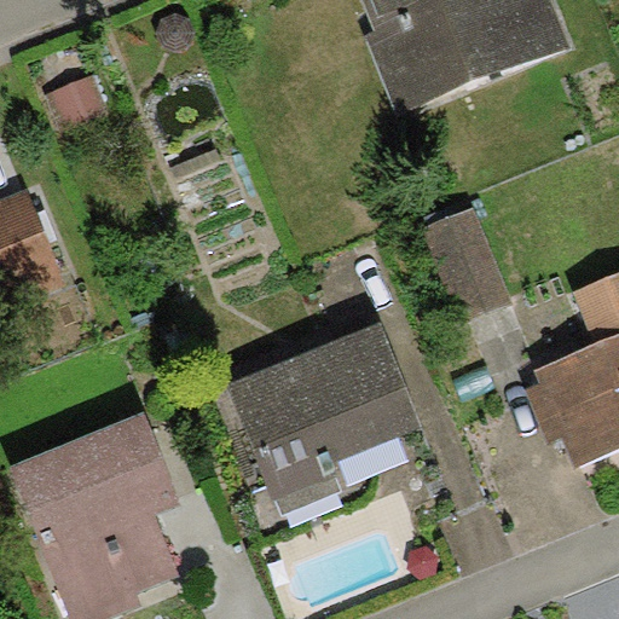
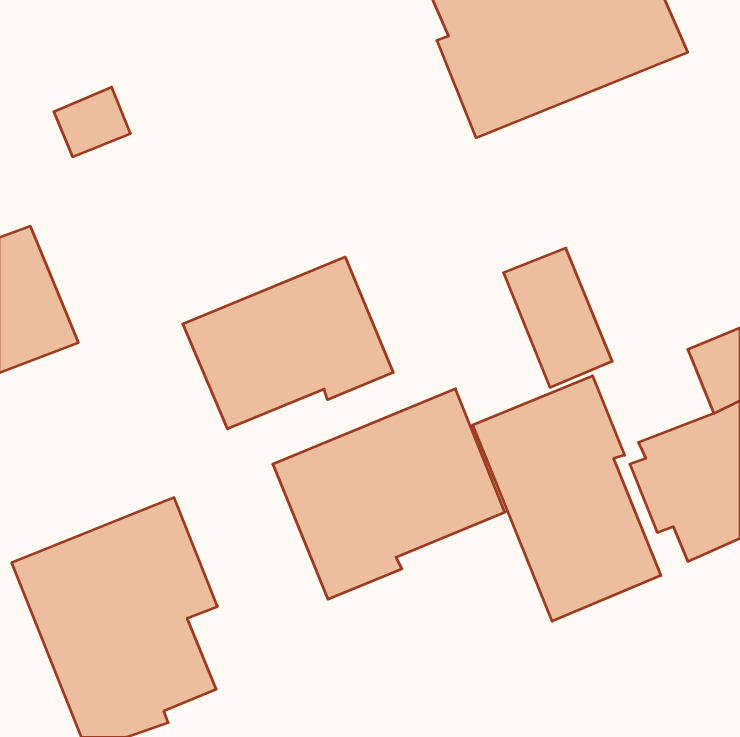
building: none -> [183,257,393,429]
building: none -> [473,376,661,621]

